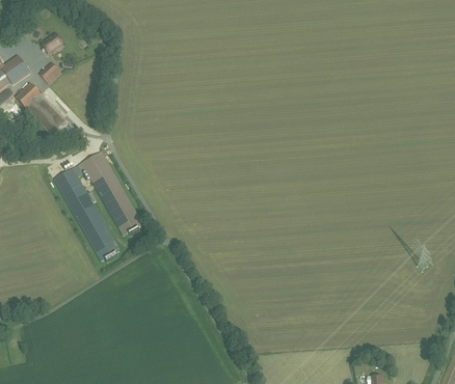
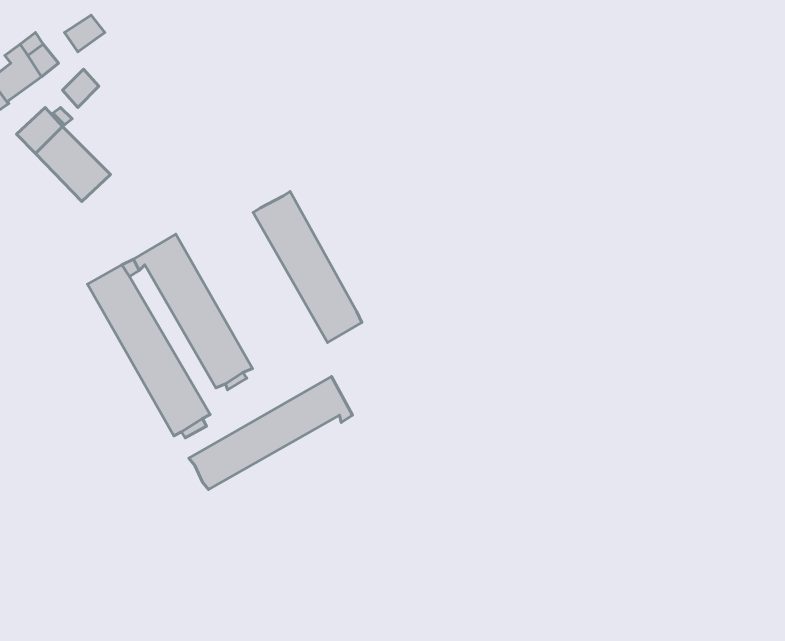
building: none -> [253,192,362,343]
building: none -> [189,377,353,489]

